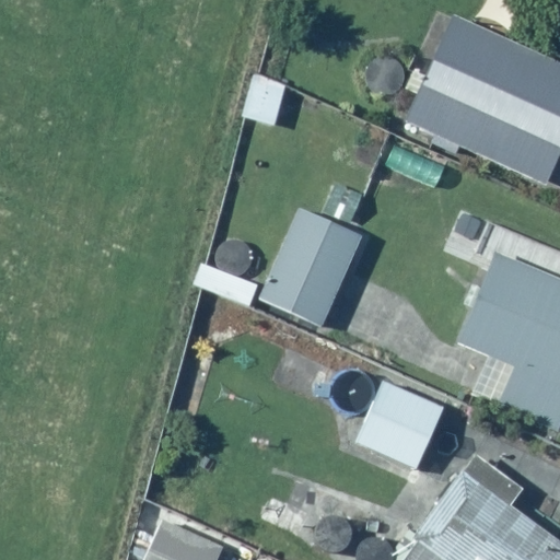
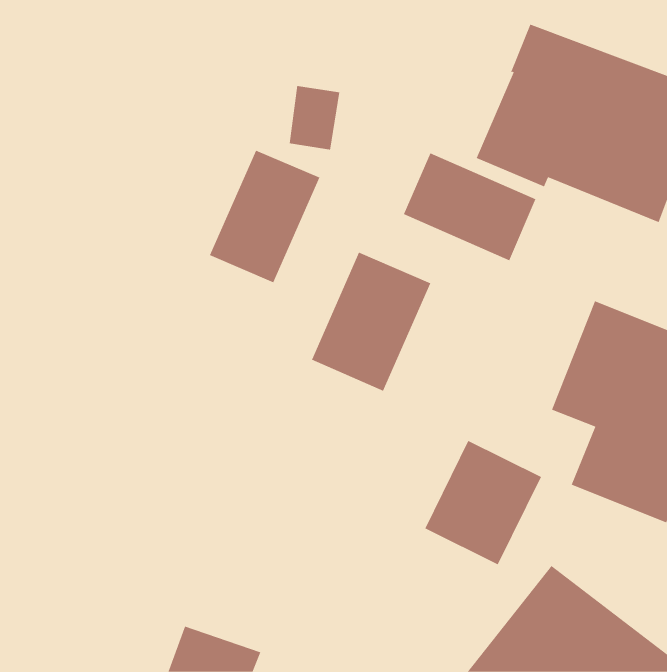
building: none -> [209,150,320,283]
building: none -> [403,152,536,261]

